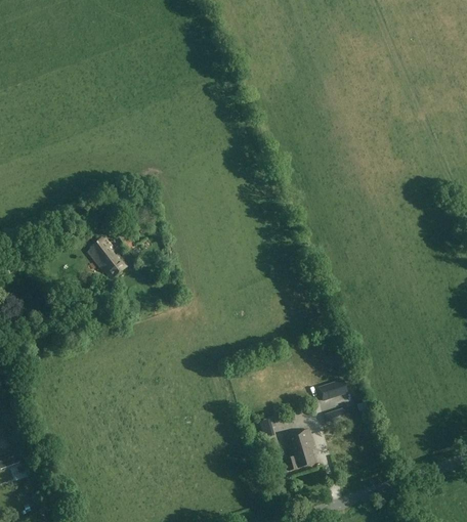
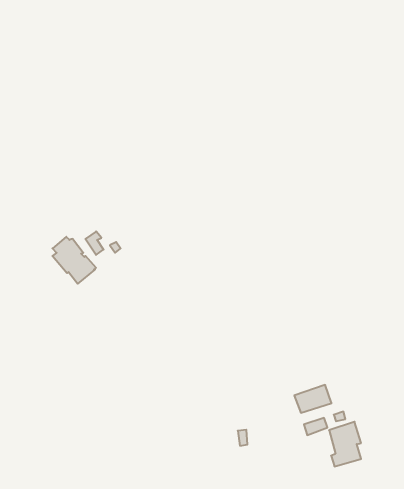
building: [285,428,315,471] -> [329,422,361,466]

